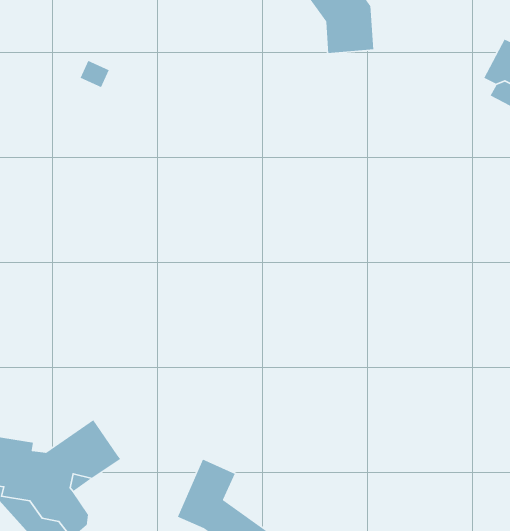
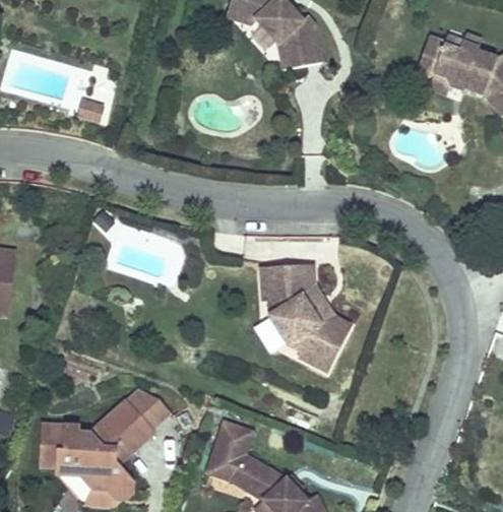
building: none -> [262,265,351,371]
building: none -> [127,389,171,431]

